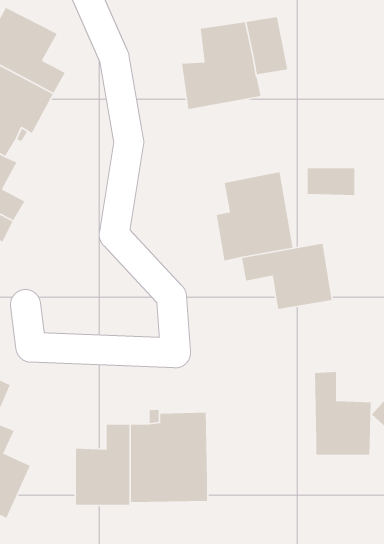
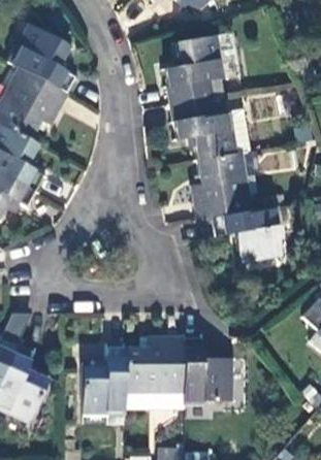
building: none -> [169,95,234,161]
building: [314,371,372,456] -> [184,336,228,401]

